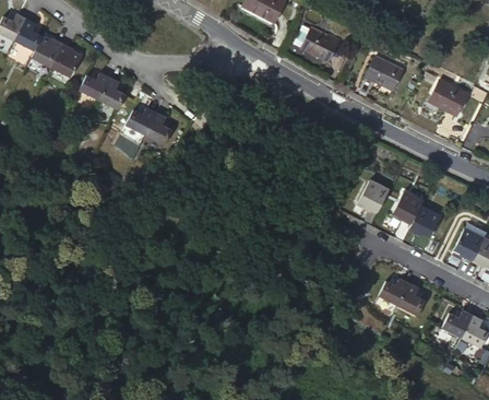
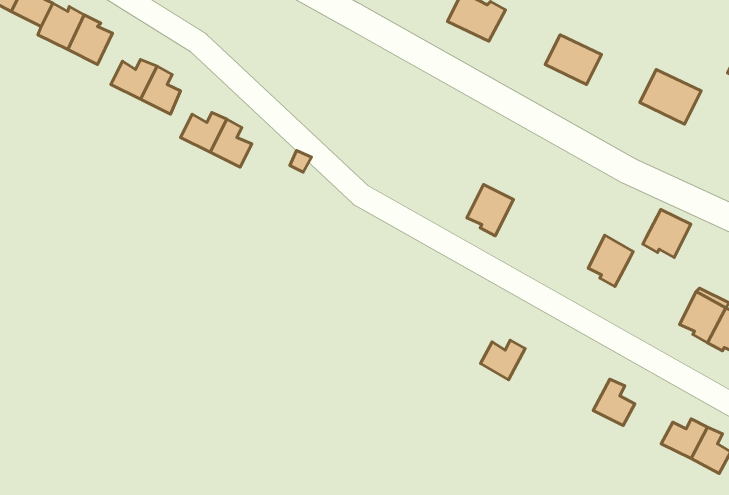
building: [359,178,390,212] -> [467,185,513,236]
building: [409,204,441,236] -> [643,209,691,257]
building: [379,279,408,305] -> [480,340,525,380]

